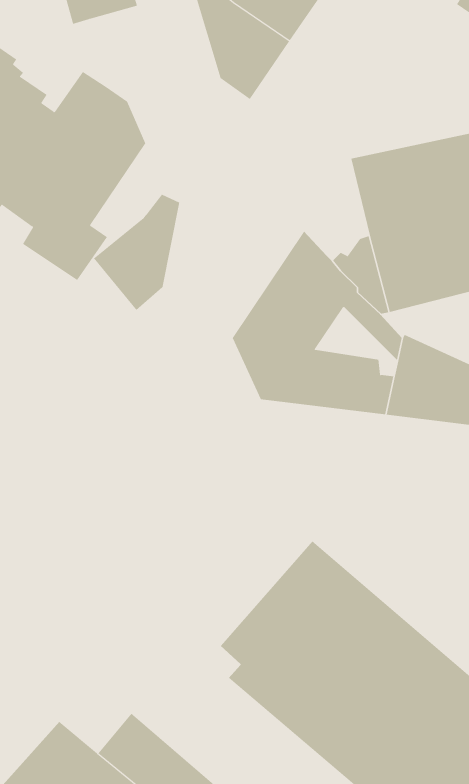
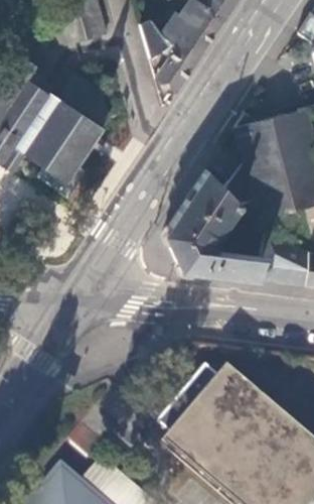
building: [93,194,180,311] -> none

